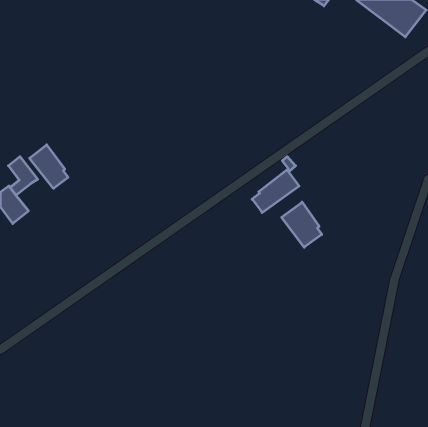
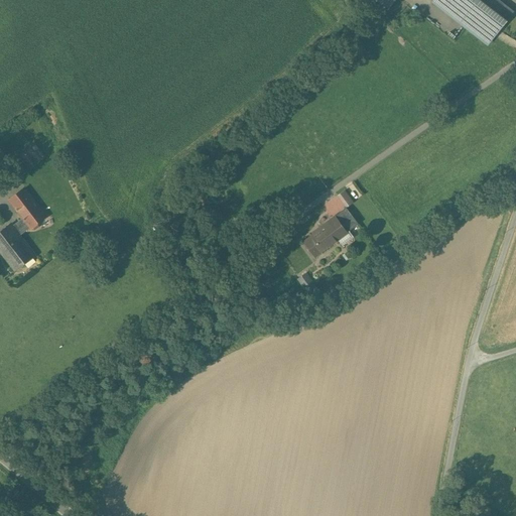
building: [30,145,68,188] -> none
building: [282,202,322,247] -> none

